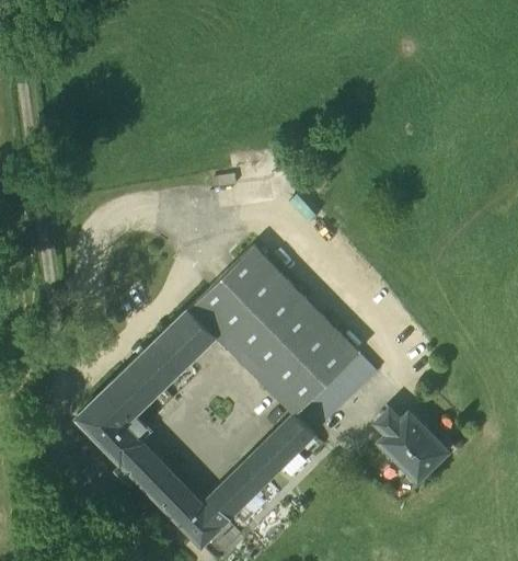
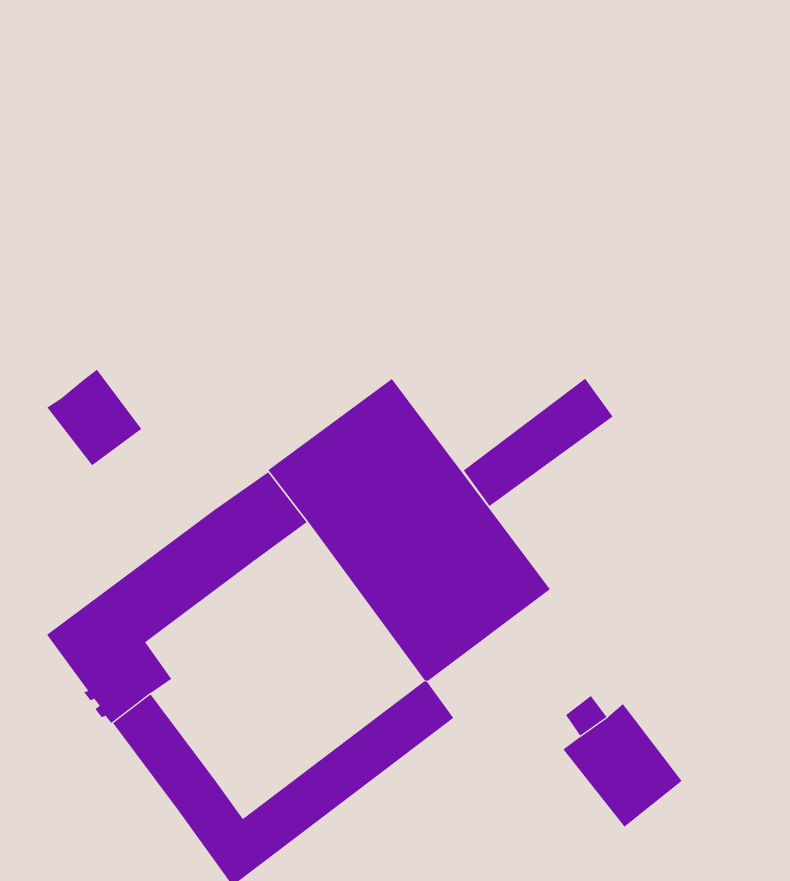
building: none -> [47,369,142,466]
building: [296,354,377,434] -> [463,378,613,507]

